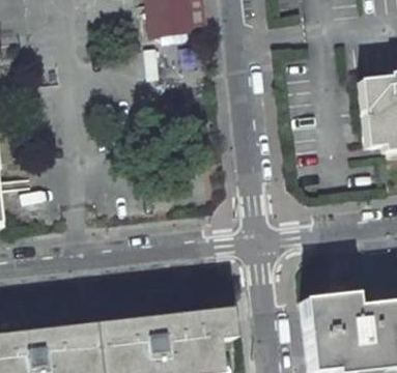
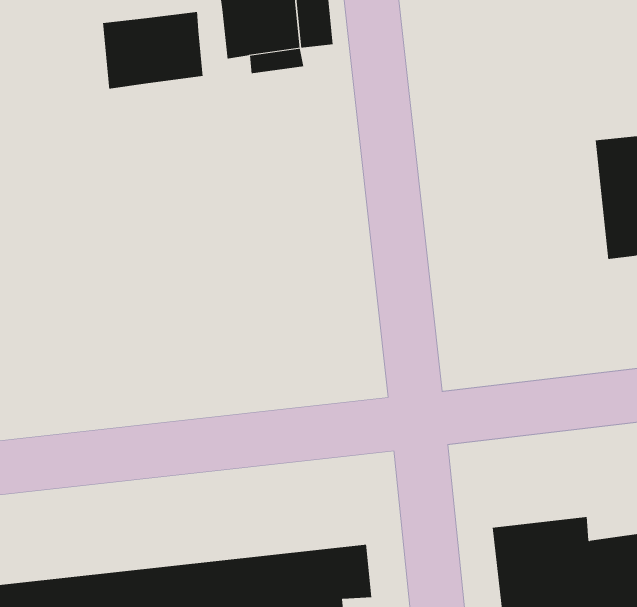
building: none -> [103,11,203,89]

